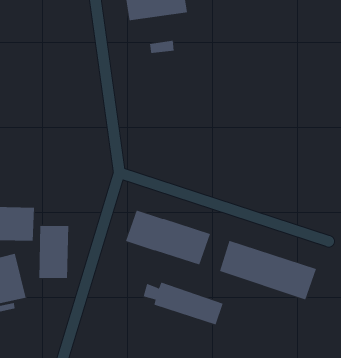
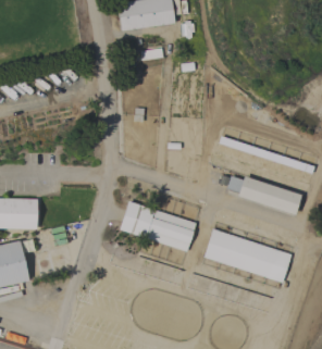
building: [39,225,69,279] -> none
building: [143,282,224,325] -> [227,175,300,214]

